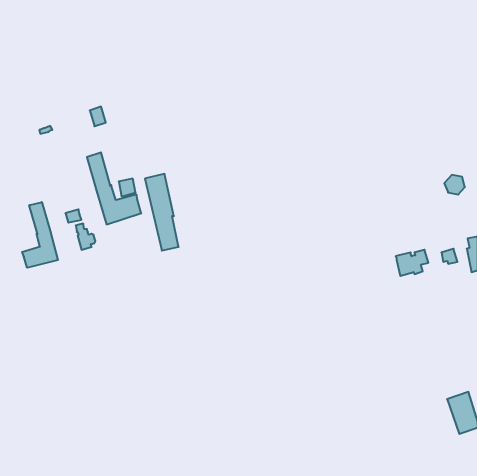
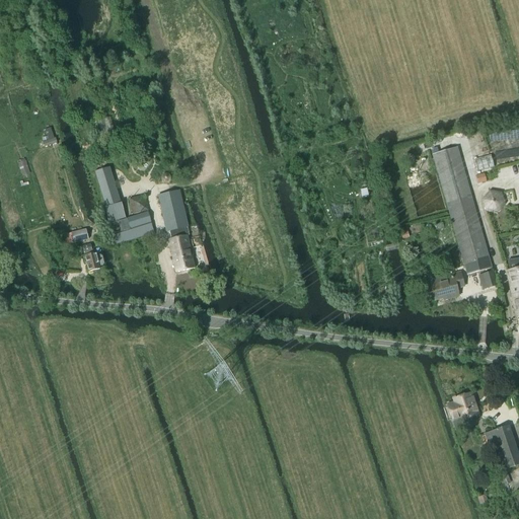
building: none -> [433,146,492,273]
building: [22,202,58,268] -> none
building: none -> [447,391,479,421]

